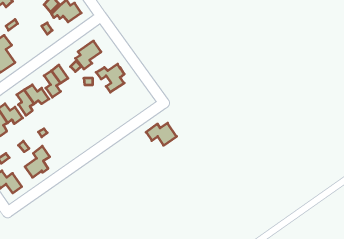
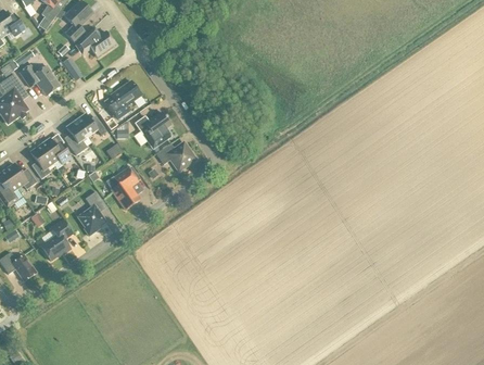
building: none -> [20,64,60,95]
building: none -> [111,166,139,209]
building: [146,123,177,145] -> [155,141,195,171]
building: none -> [77,190,105,235]

